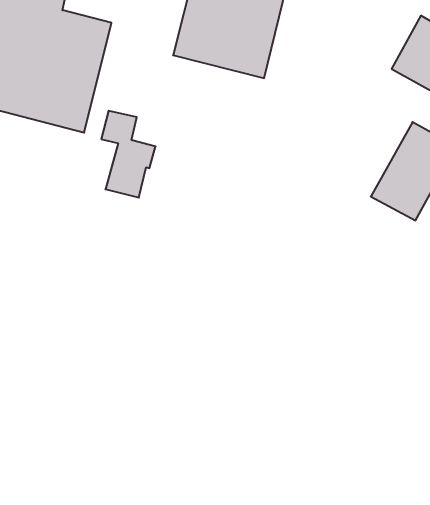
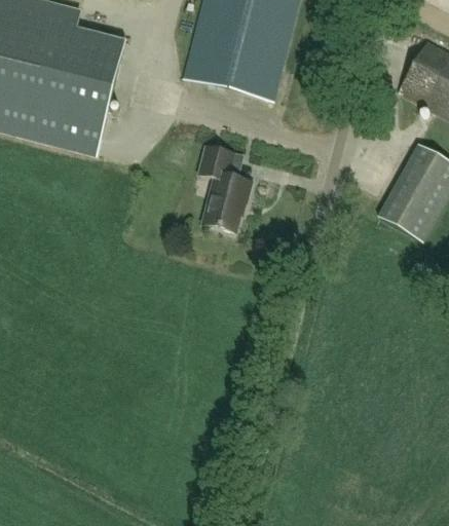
building: [101,111,156,198] -> [200,146,254,231]

